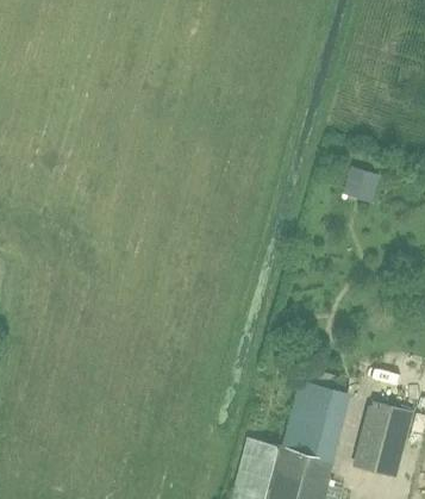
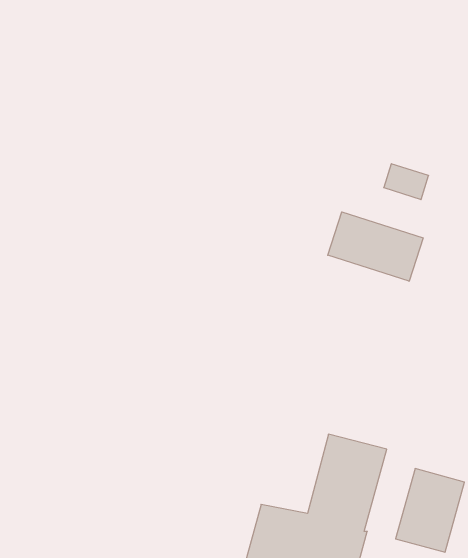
building: none -> [328,212,423,281]

